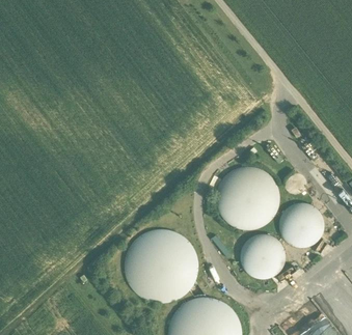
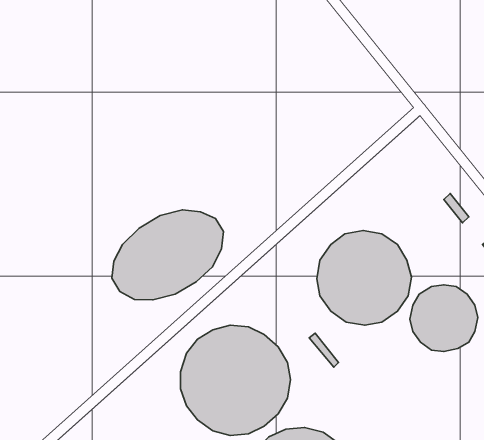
building: none -> [112,210,223,300]
building: [240,233,286,278] -> none

